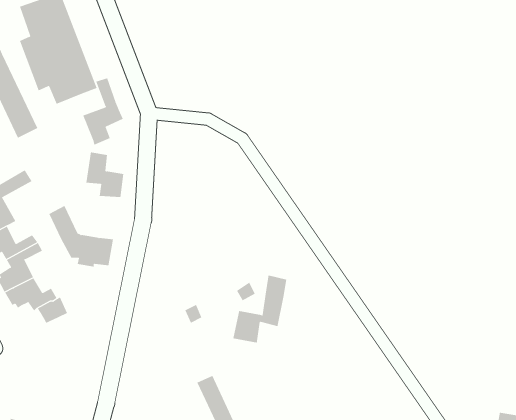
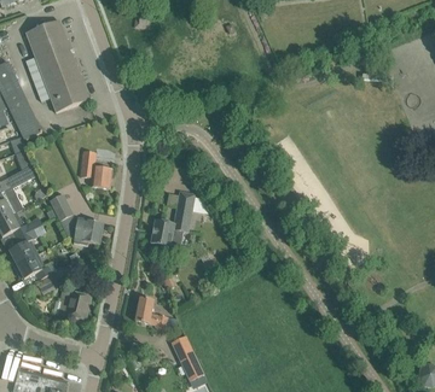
building: [82,77,123,146] -> none
building: [232,275,287,343] -> [150,189,195,245]
building: none -> [58,288,89,318]
building: none -> [135,297,167,328]

